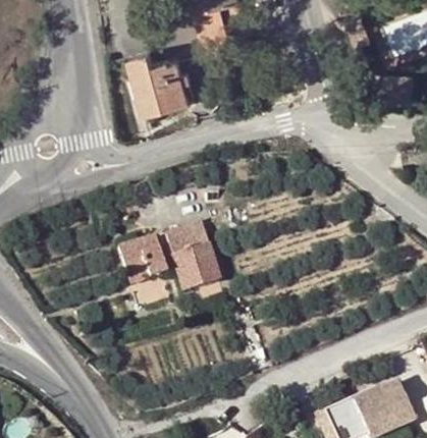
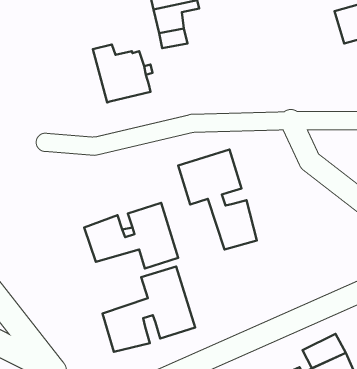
building: none -> [178,149,257,250]
building: none -> [103,266,195,352]

